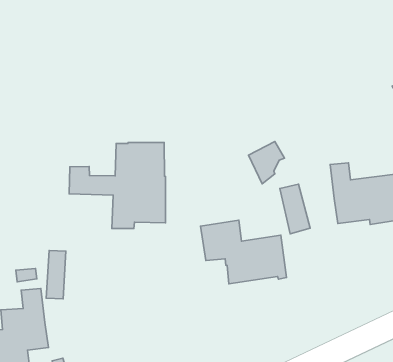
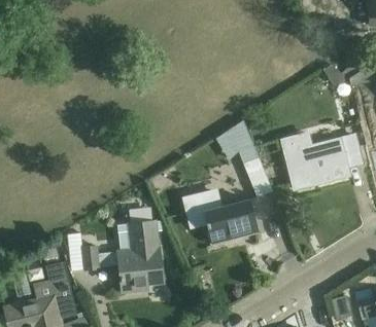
building: [69,142,166,229] -> [83,220,165,293]

